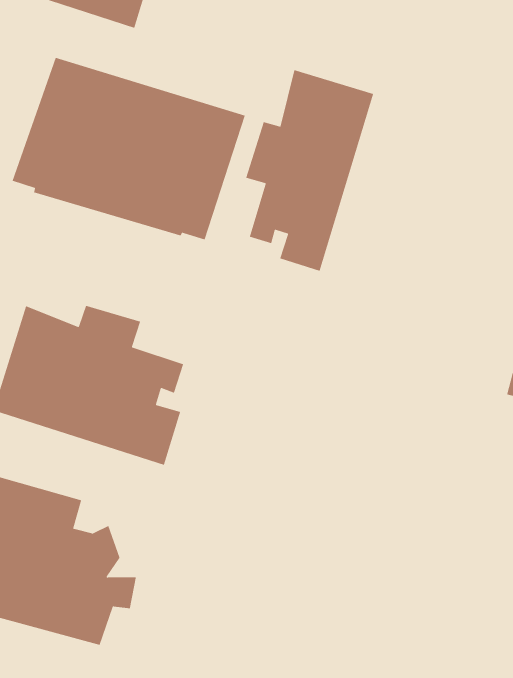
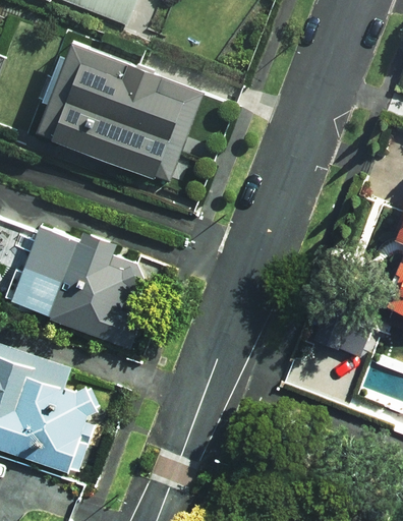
building: [245,69,374,272] -> none

